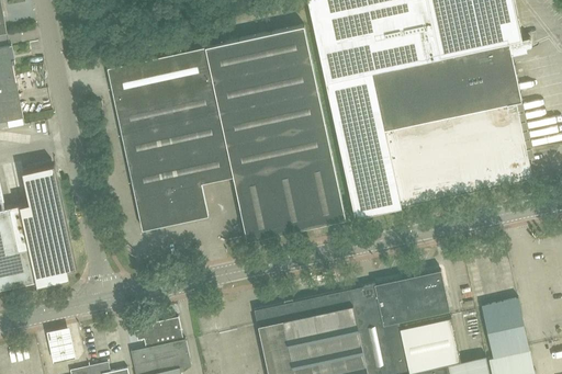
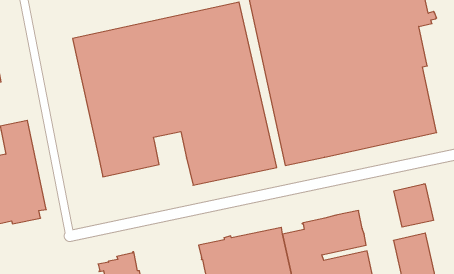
building: none -> [394,184,433,227]

